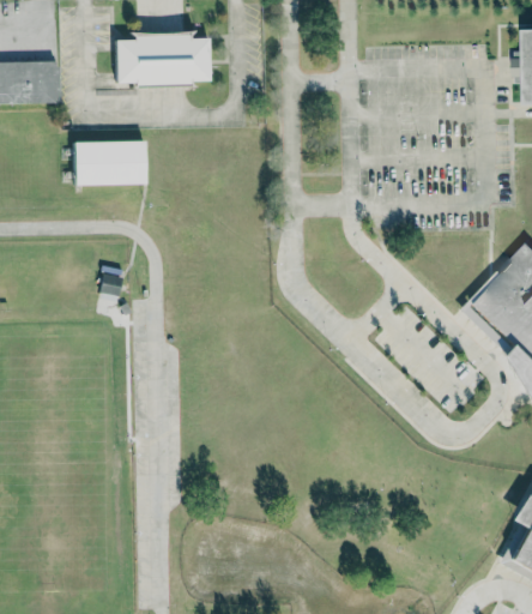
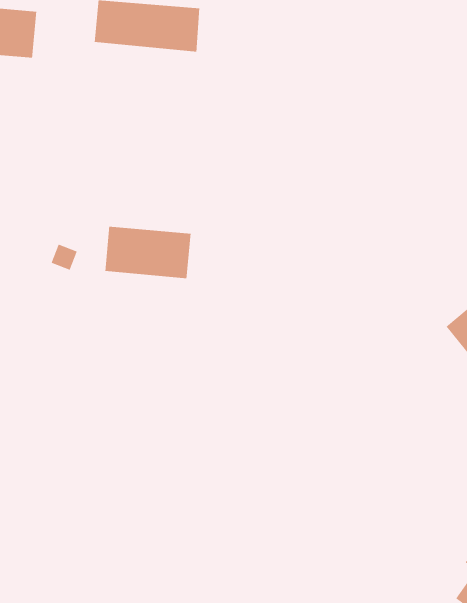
building: [69,140,149,186] -> [104,226,192,279]

